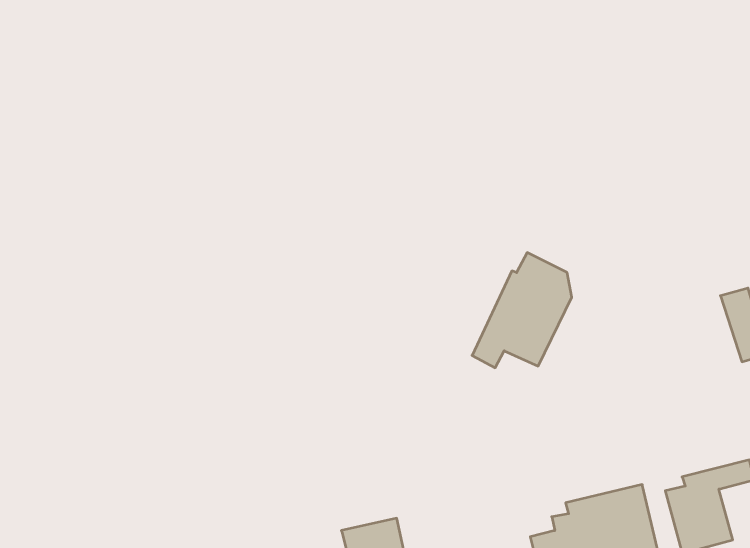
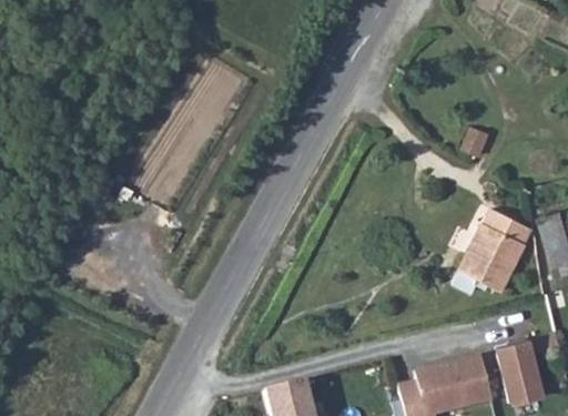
building: [472,253,572,368] -> [453,207,525,291]

